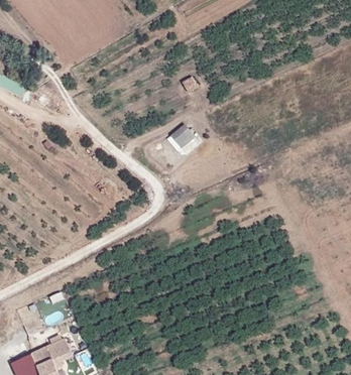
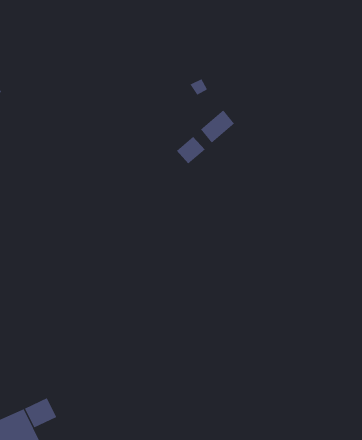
building: none -> [200,109,235,144]

